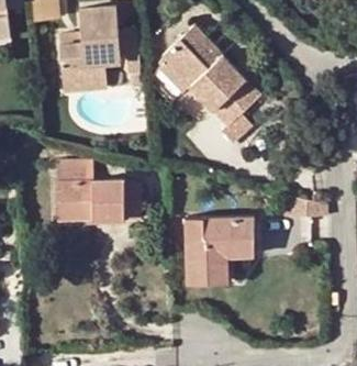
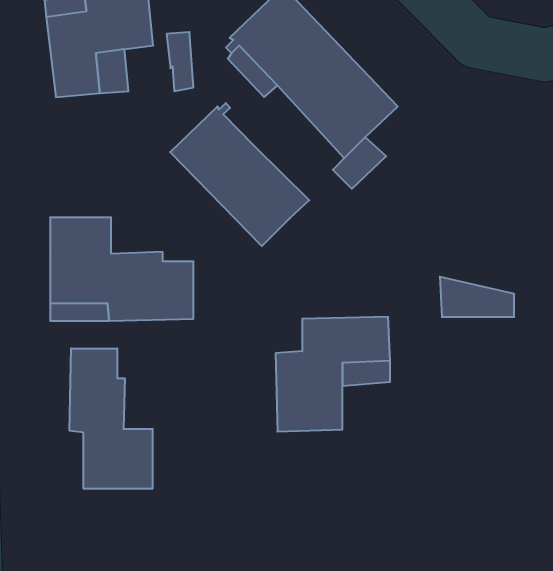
building: none -> [170,103,309,246]
building: none -> [70,348,153,489]

